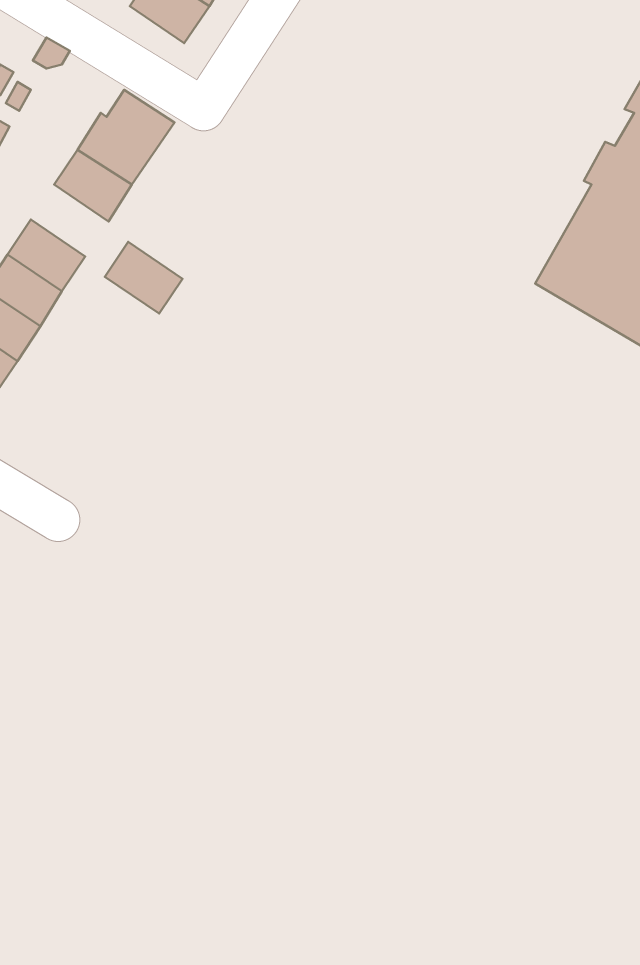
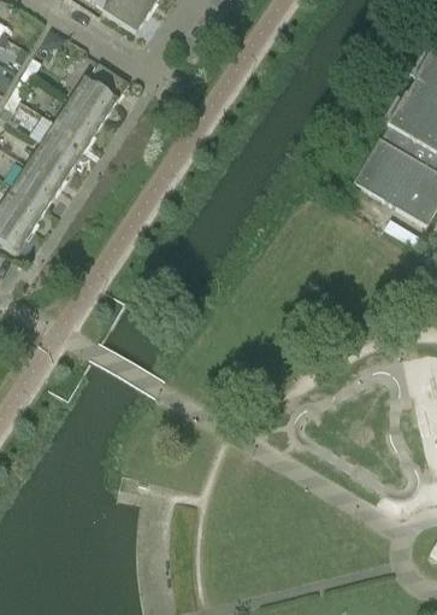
building: [105,242,182,314] -> [39,122,87,166]

